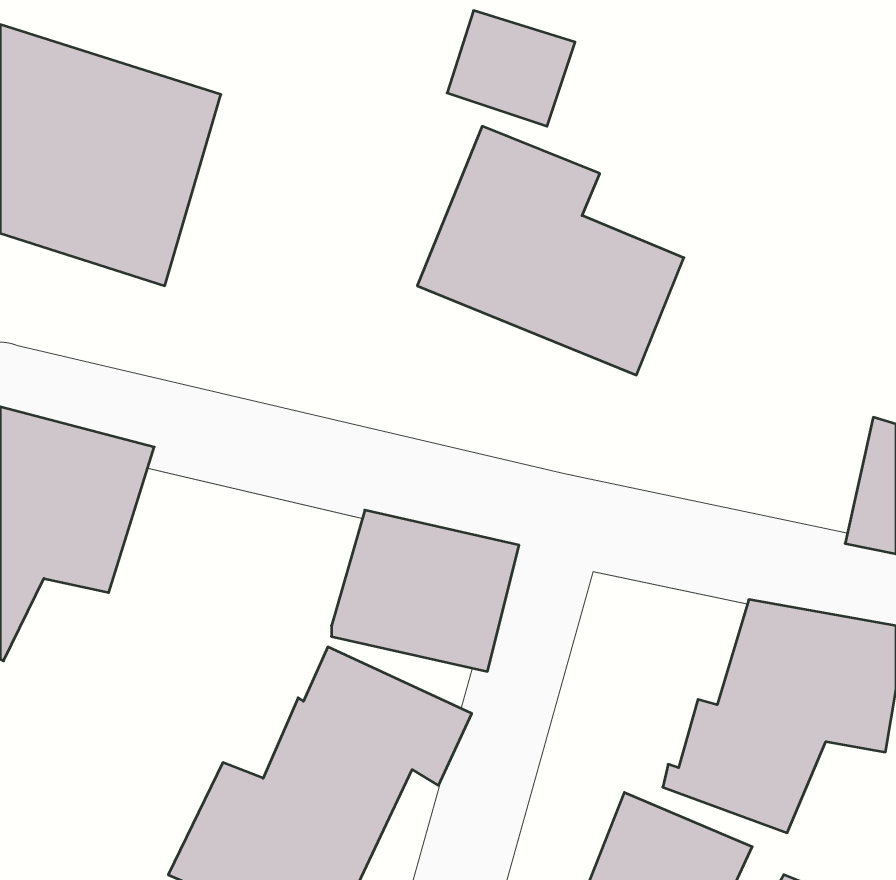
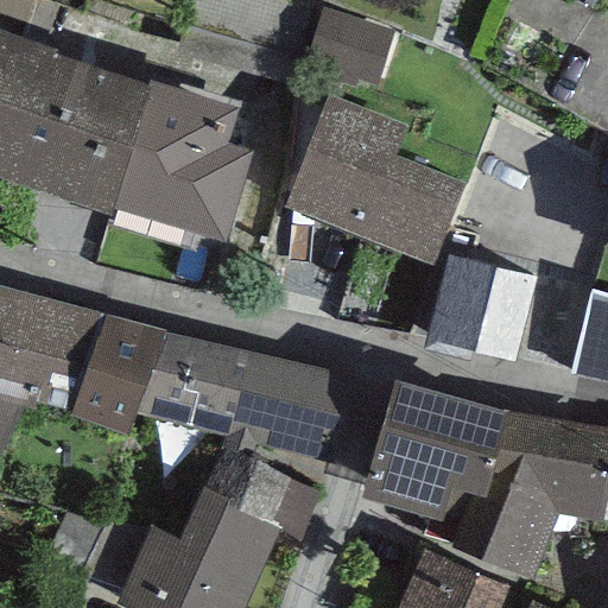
building: none -> [112,75,256,239]
building: none -> [424,255,534,362]
building: none -> [68,314,247,437]
building: none -> [356,375,512,531]

